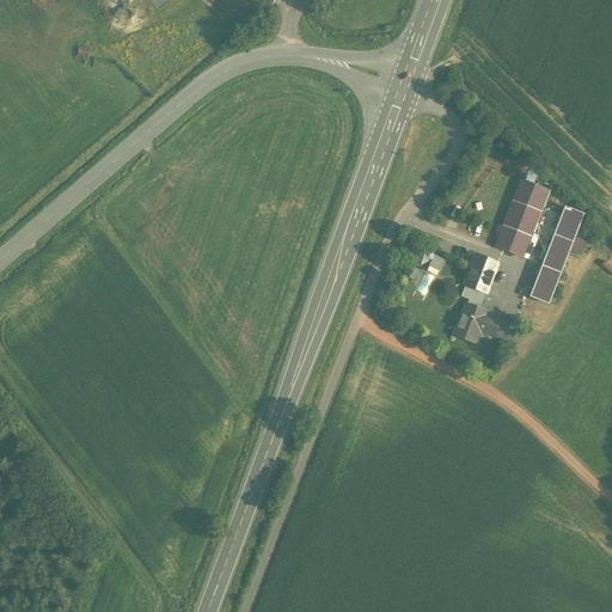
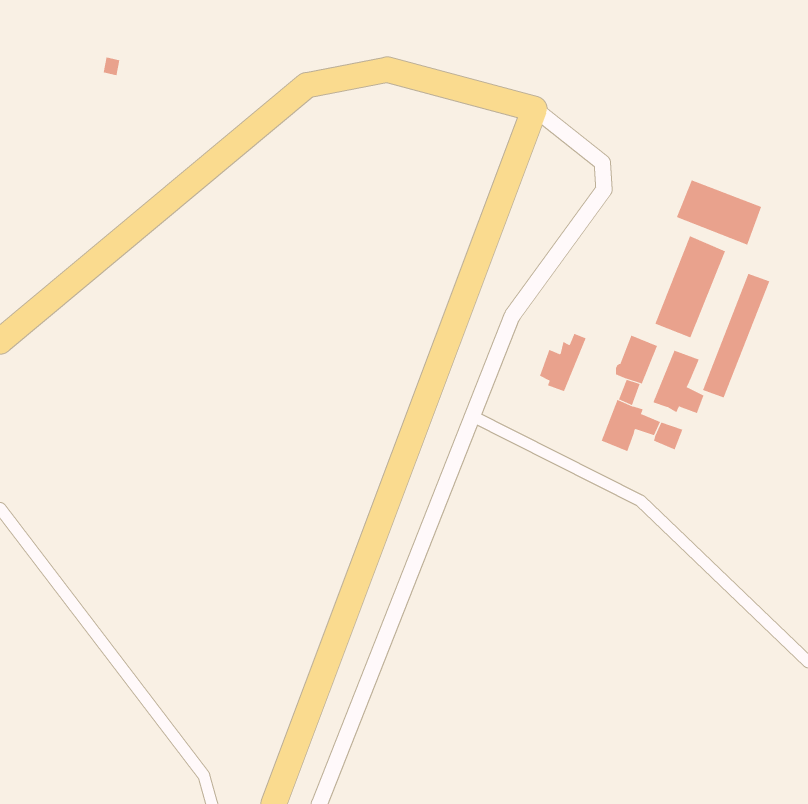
building: none -> [676,180,762,246]
building: none -> [653,350,704,414]

